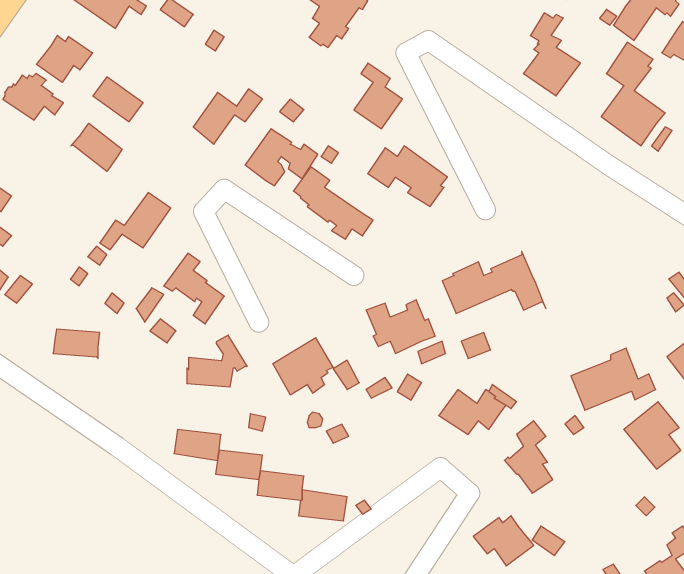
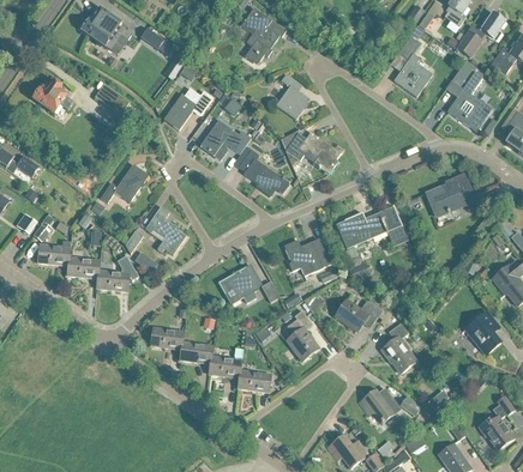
building: [37,35,93,82] -> none
building: [71,123,122,171] -> none
building: none -> [36,240,70,265]
building: [187,335,247,387] -> [96,254,138,290]
building: [571,348,656,410] -> [425,173,483,216]
building: none -> [285,310,318,361]

